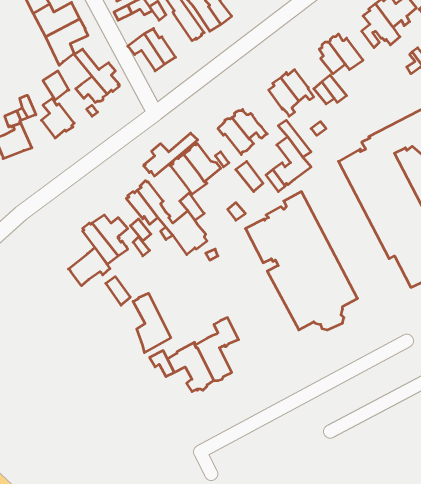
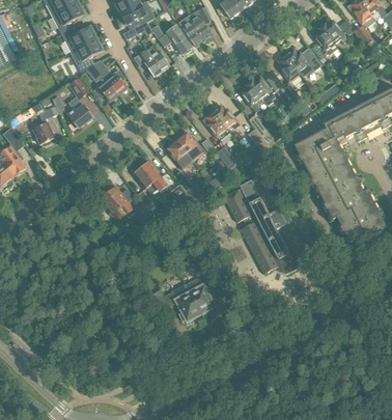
building: [144,133,198,176] -> none
building: [68,247,110,286] -> none
building: [133,293,171,353] -> none

